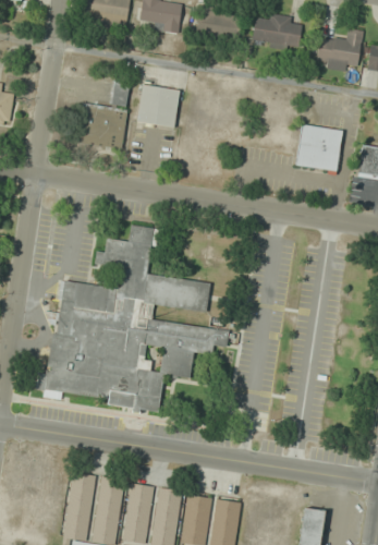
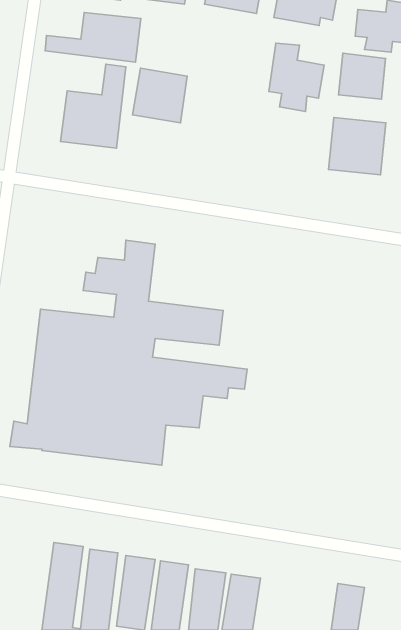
building: none -> [45,12,141,62]
building: none -> [269,43,324,111]
building: none -> [338,53,386,99]

